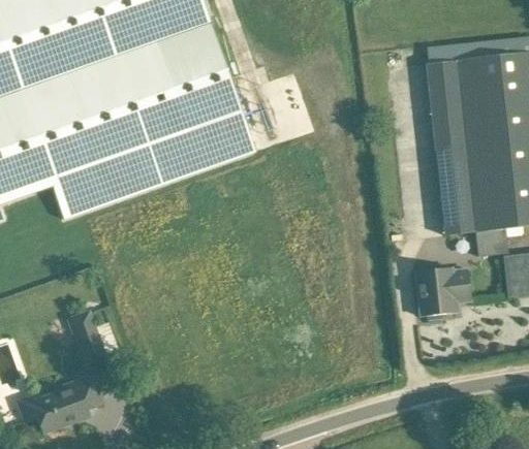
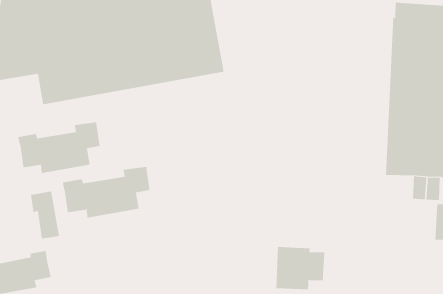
building: none -> [18,122,100,174]
building: none -> [62,166,150,218]
building: [415,266,471,316] -> [275,247,325,290]

